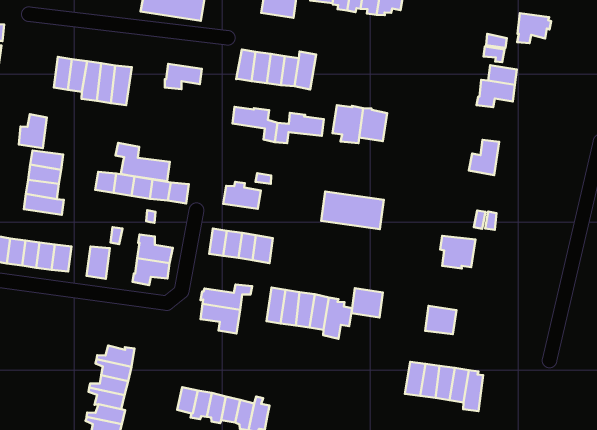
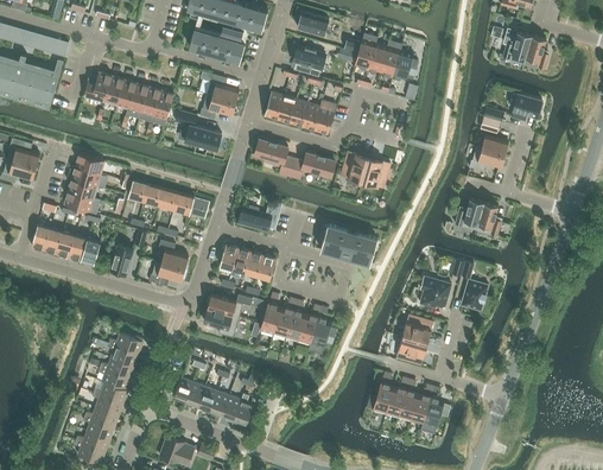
building: none -> [199,71,237,103]
building: [19,114,47,148] -> [83,71,110,102]
building: none -> [475,202,501,236]
building: [116,143,170,181] -> [174,110,221,150]
building: none -> [461,280,488,311]
building: [351,288,383,318] -> [402,315,432,343]

